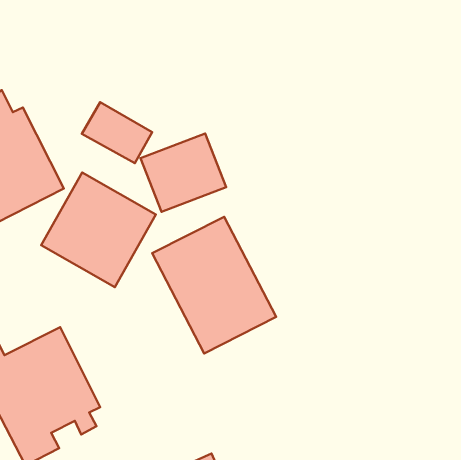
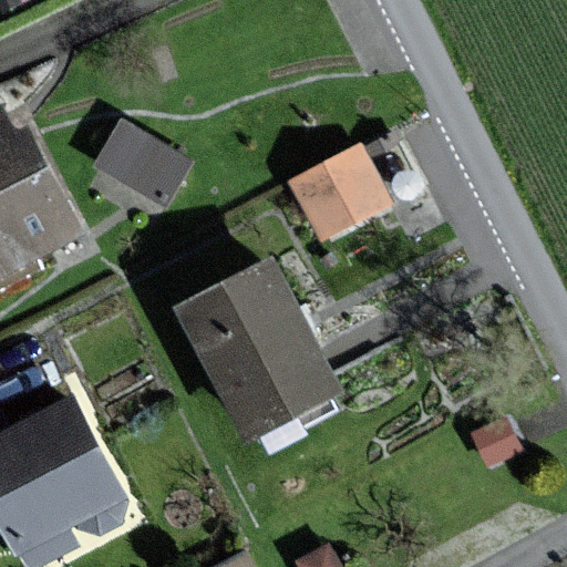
building: [141,134,226,212] -> [289,140,393,235]
building: [41,172,156,287] -> none

